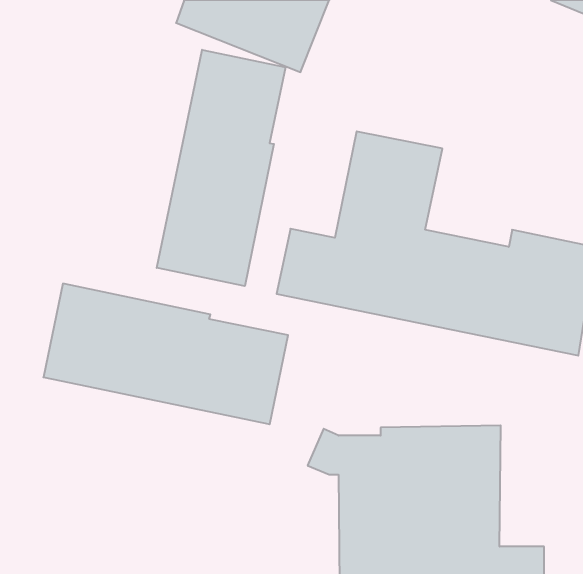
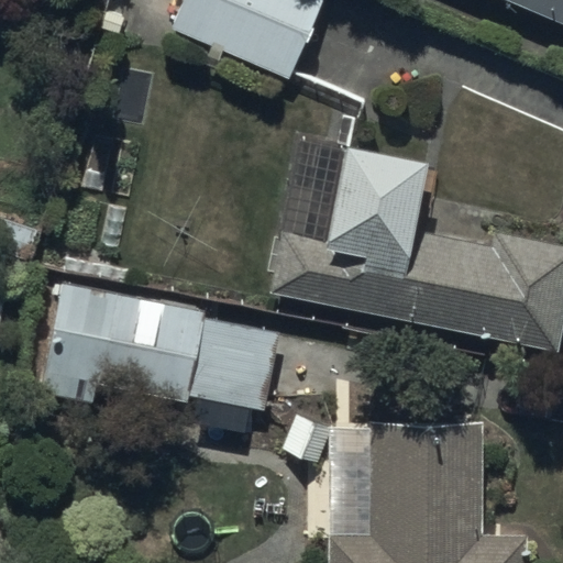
building: [157,50,286,286] -> none

